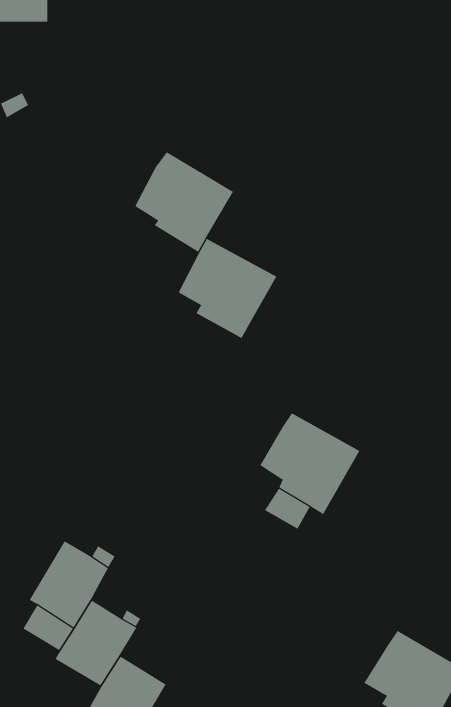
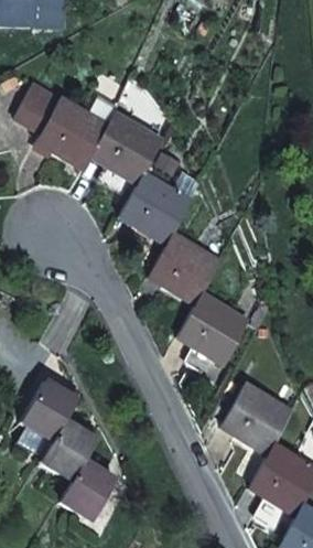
building: none -> [15,82,108,168]
building: none -> [151,234,220,304]
building: none -> [224,384,293,454]

